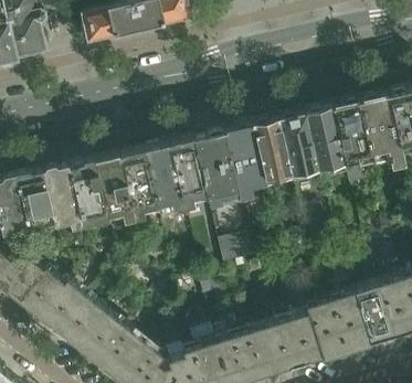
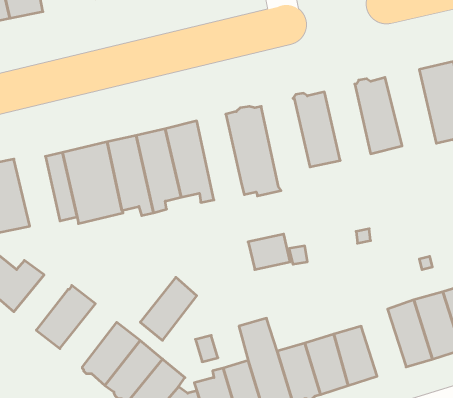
building: [332,99,376,175] -> none
building: [282,111,320,183] -> none
building: [229,124,270,198] -> none
building: [175,137,212,209] -> none
building: [21,172,60,231] -> none
building: [21,269,66,318] -> none
building: [60,296,107,349] -> [140,277,197,340]
building: [310,300,350,357] -> none

